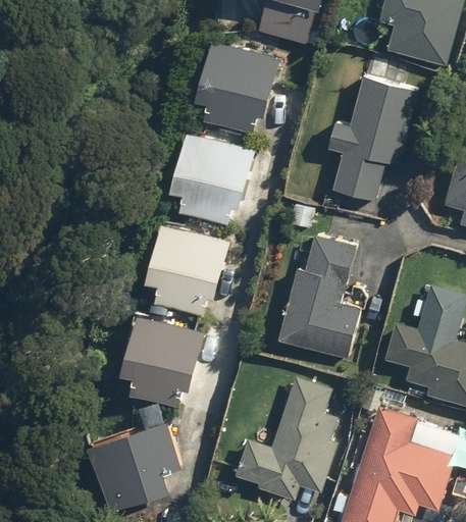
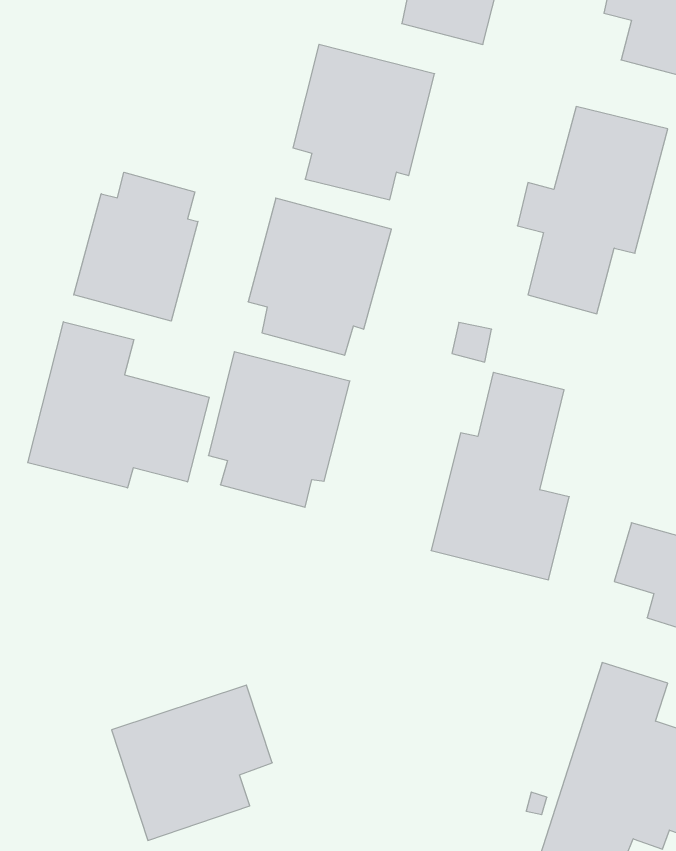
building: none -> [74,172,198,321]
building: none -> [28,322,209,488]
building: [118,316,202,408] -> none
building: [234,378,335,501] -> none

